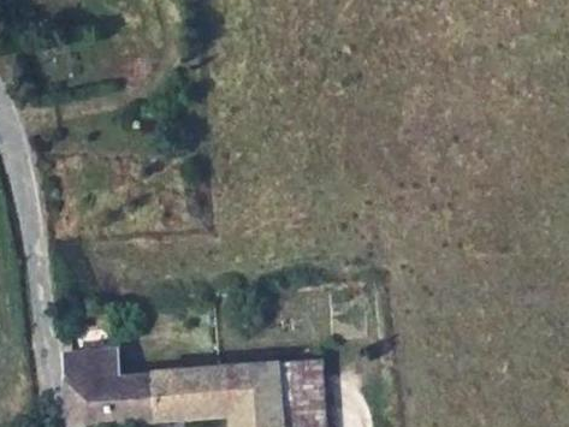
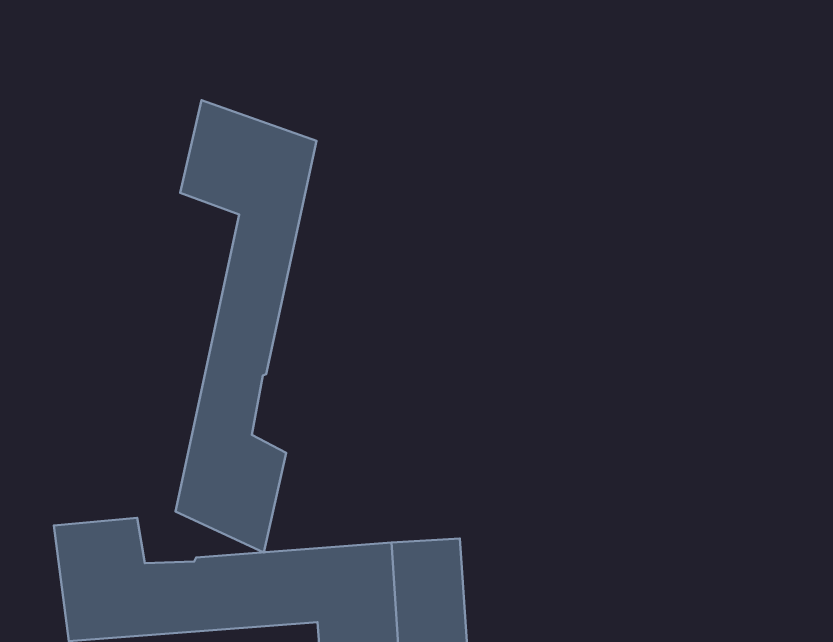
building: none -> [175,100,317,552]

